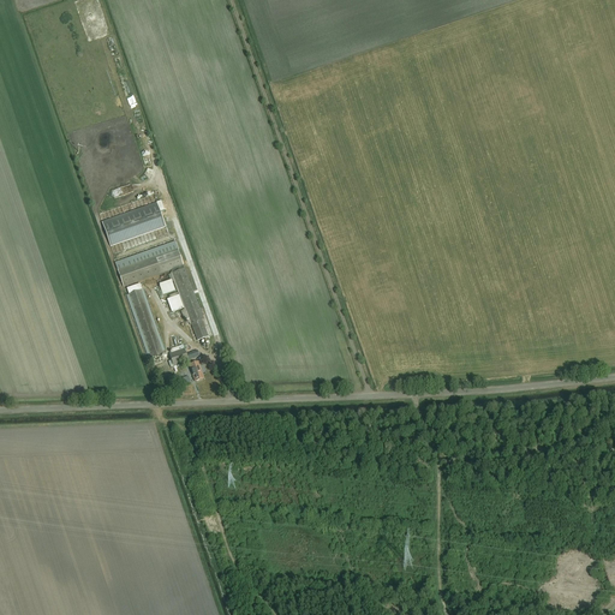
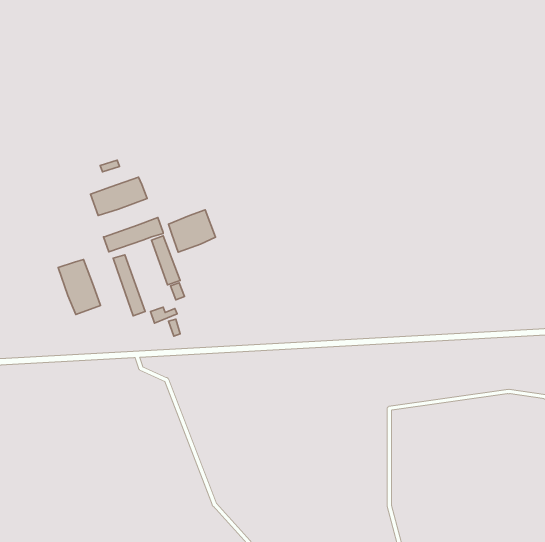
building: none -> [168,210,215,252]
building: none -> [58,259,100,315]

